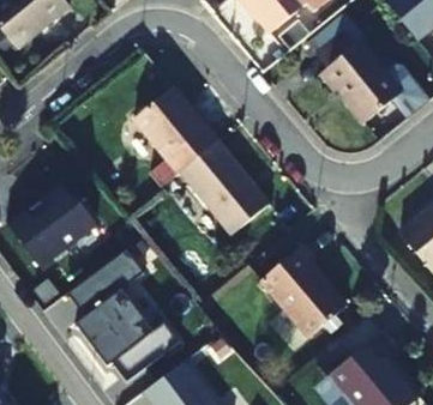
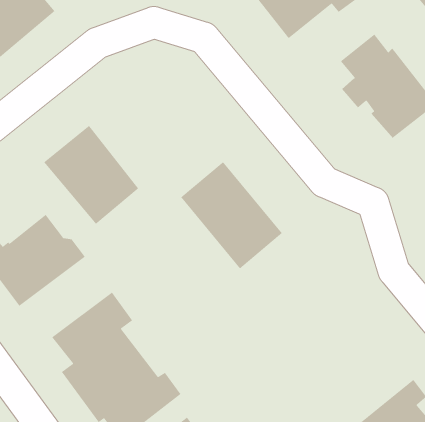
building: [133,86,216,173] -> [43,125,139,225]
building: [260,241,345,334] -> none

